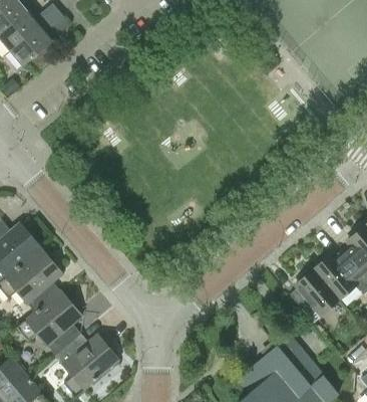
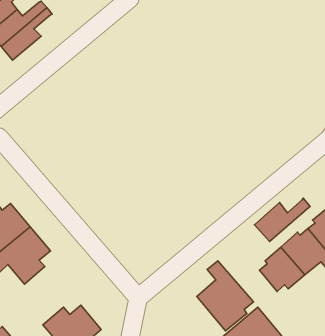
building: none -> [254,198,310,242]
building: none -> [197,261,253,331]
building: [15,289,82,355] -> none

